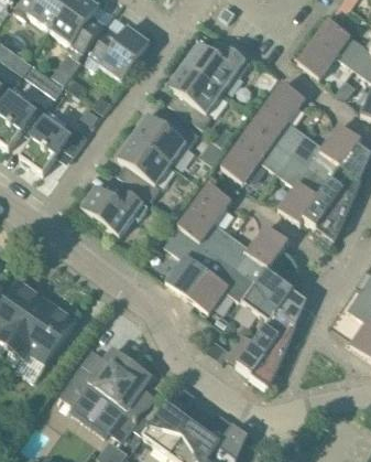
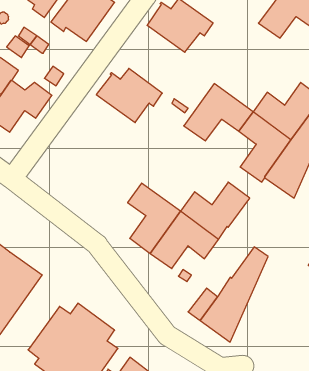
building: [166,64,221,128] -> none
building: [251,82,305,152] -> none
building: [114,135,171,200] -> none
building: [80,180,148,236] -> none
building: [177,183,231,254] -> none
building: [241,269,292,322] -> none

